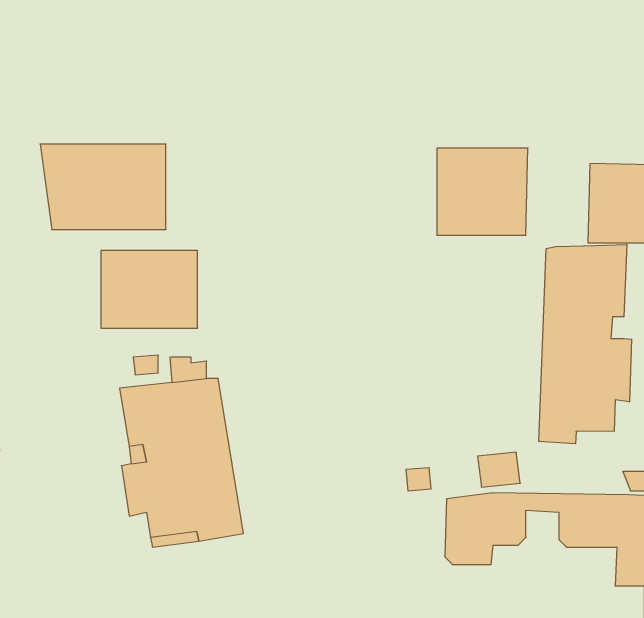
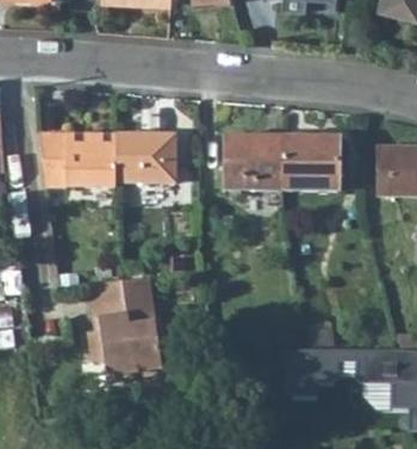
building: none -> [223,137,282,191]
building: [539,244,632,444] -> none
building: [101,251,198,328] -> [116,135,175,182]

